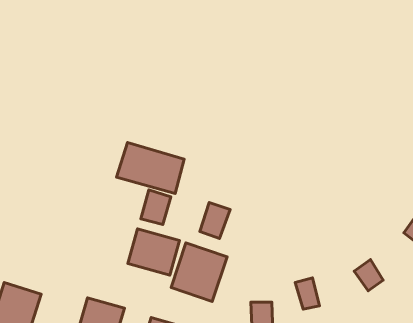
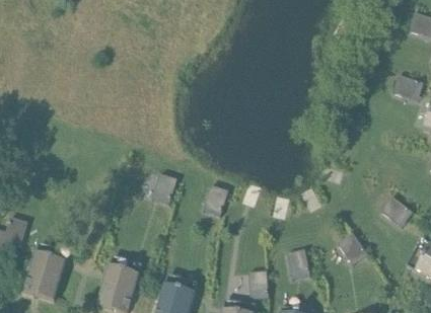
building: [116,142,184,194] -> none
building: [128,229,180,275] -> none
building: [171,243,227,301] -> none

